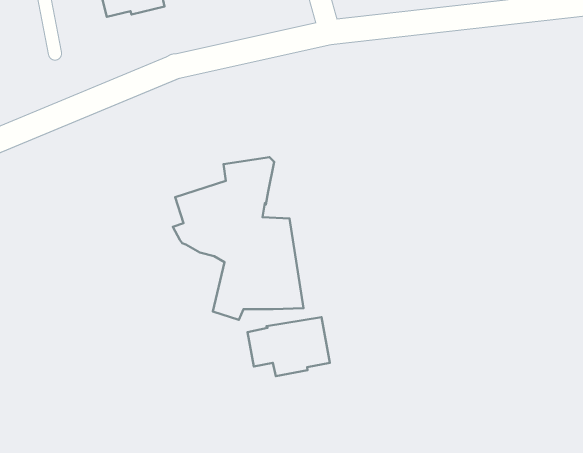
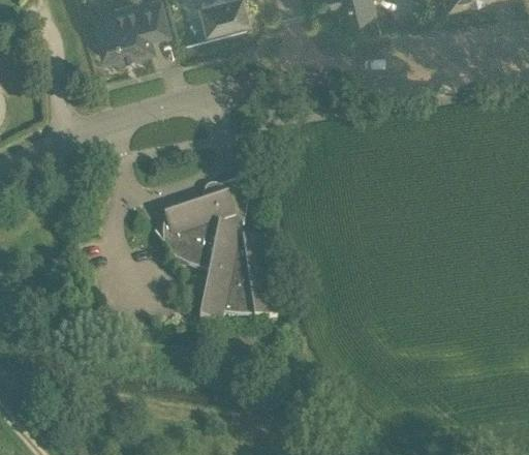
building: [247,317,330,376] -> none

